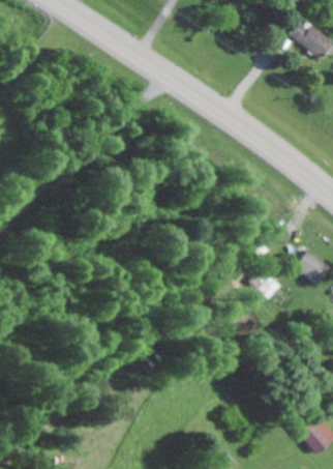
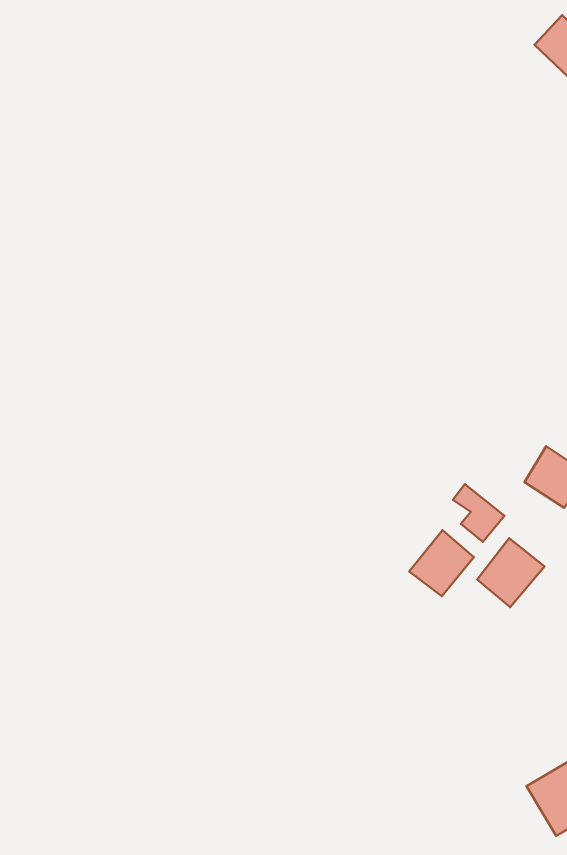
building: none -> [409,530,474,596]
building: none -> [477,538,545,607]

